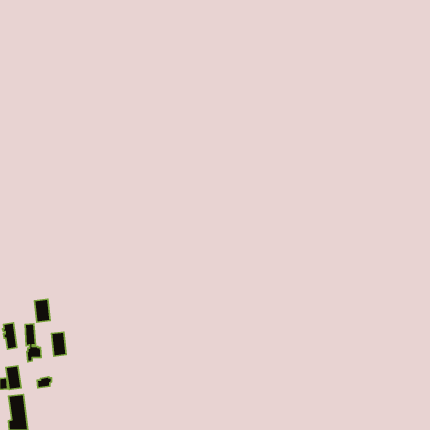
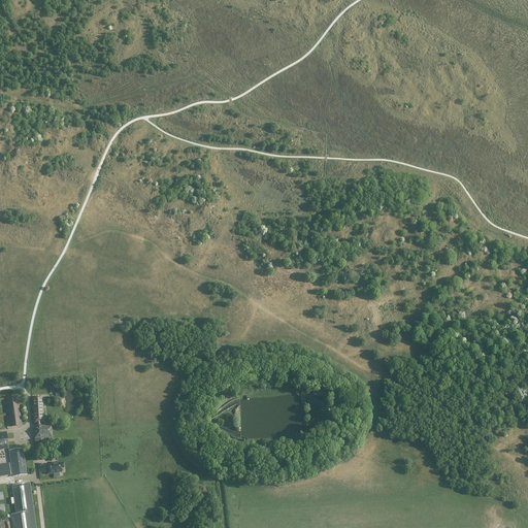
building: [35,299,50,322] -> none
building: [51,332,66,356] -> none

